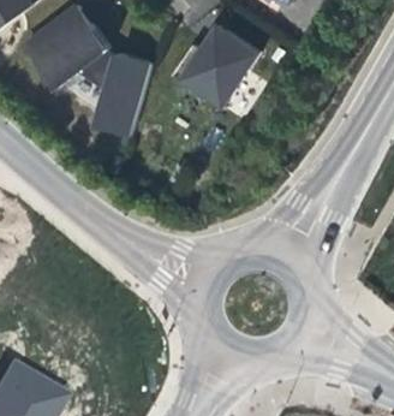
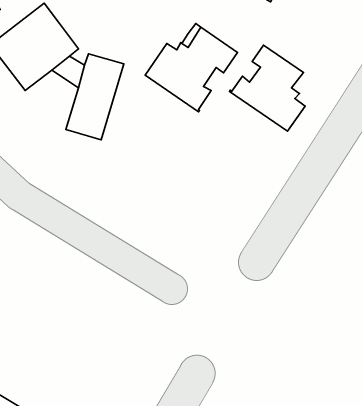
building: none -> [230,45,305,131]

